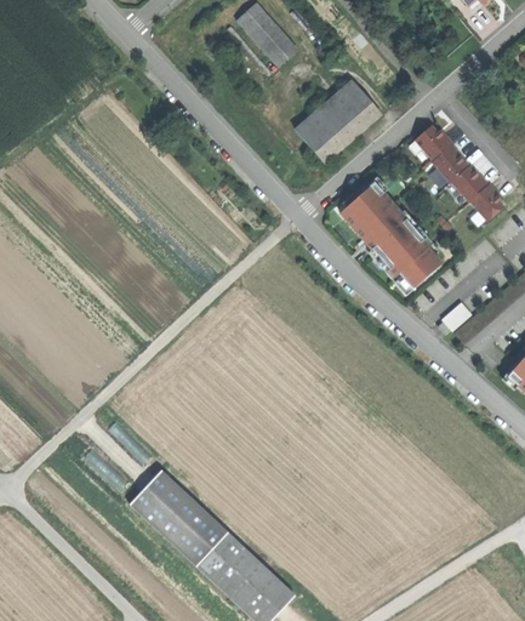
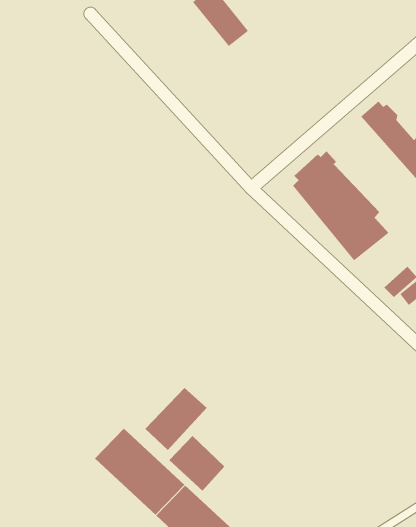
building: [295,81,380,163] -> none
building: none -> [145,387,208,451]
building: none -> [169,435,225,492]

